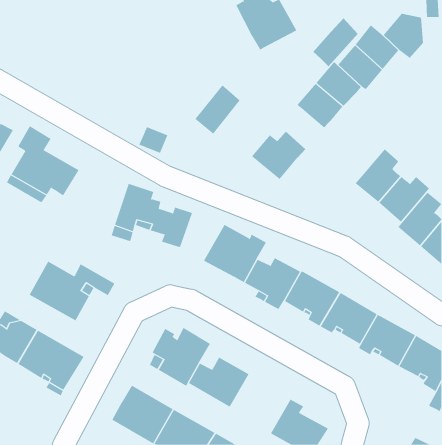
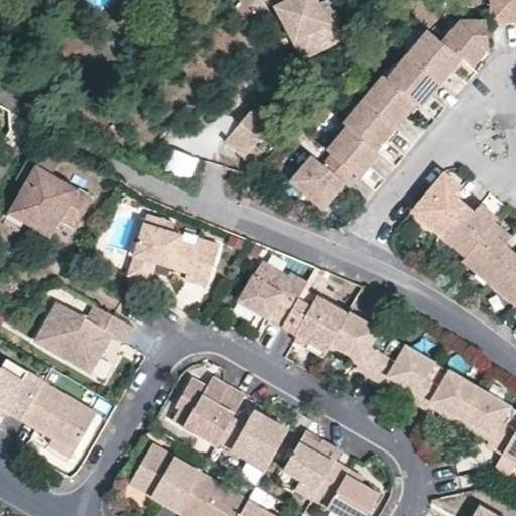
building: [313,18,358,67] -> none
building: none -> [327,125,381,176]
building: none -> [284,434,341,501]

